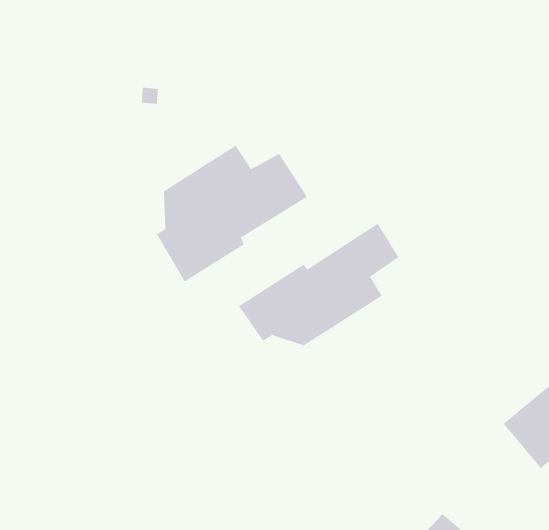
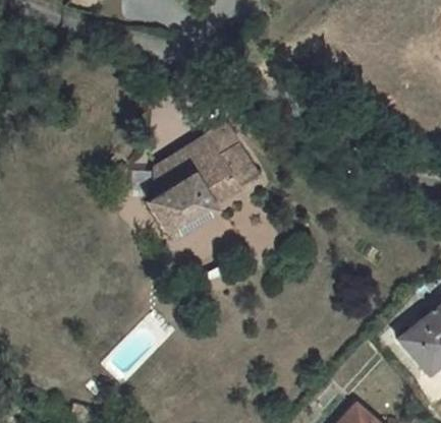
building: [238,223,399,346] -> none

